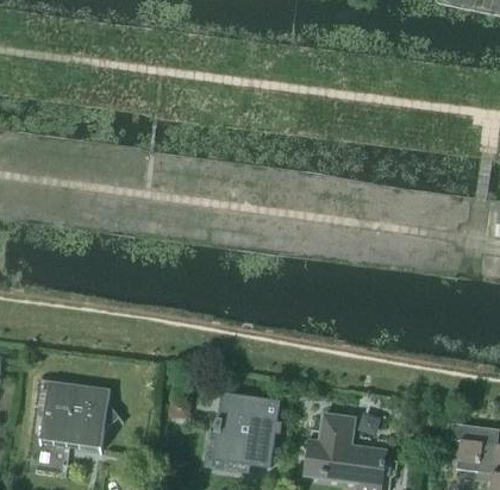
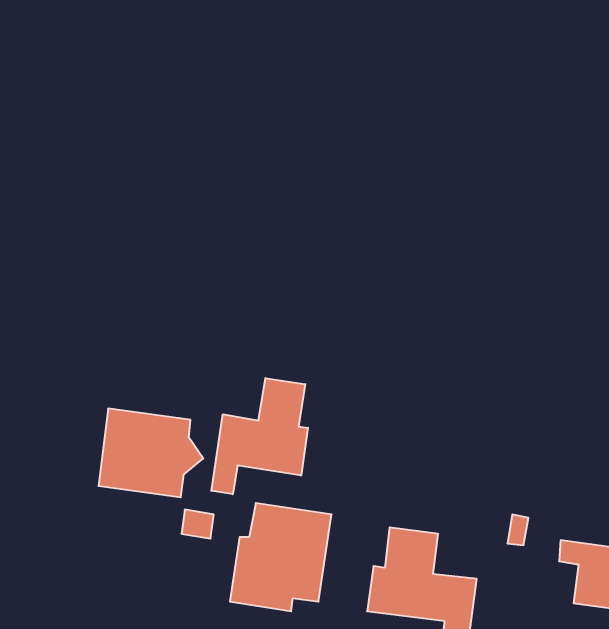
building: none -> [211,378,308,494]
building: [40,381,118,446] -> [98,409,203,497]

